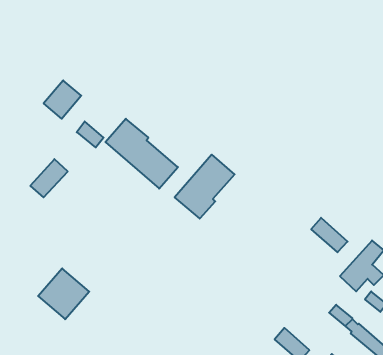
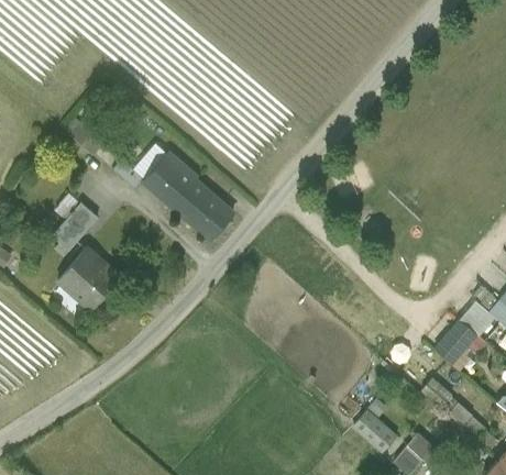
building: [175,155,235,219] -> none
building: [311,218,348,252] -> none
building: [38,268,89,319] -> [58,246,121,309]

